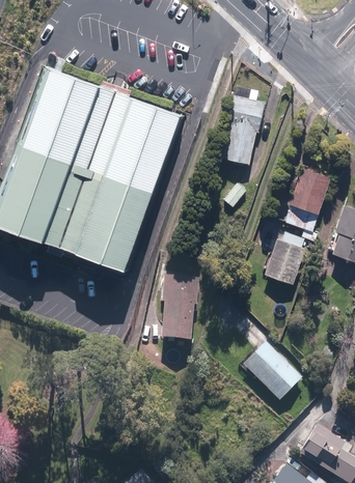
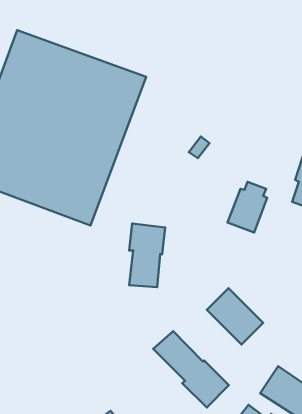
building: [220,93,268,161] -> none
building: [284,164,329,229] -> none
building: none -> [153,331,229,408]

